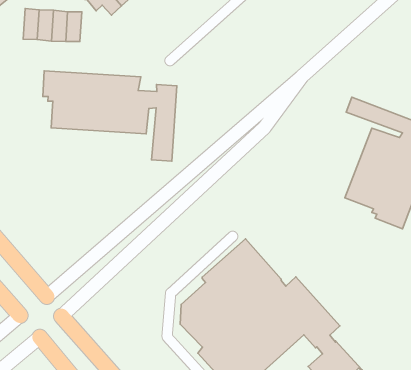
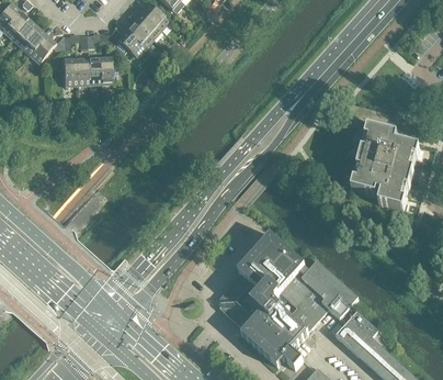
building: [43,71,177,161] -> none

